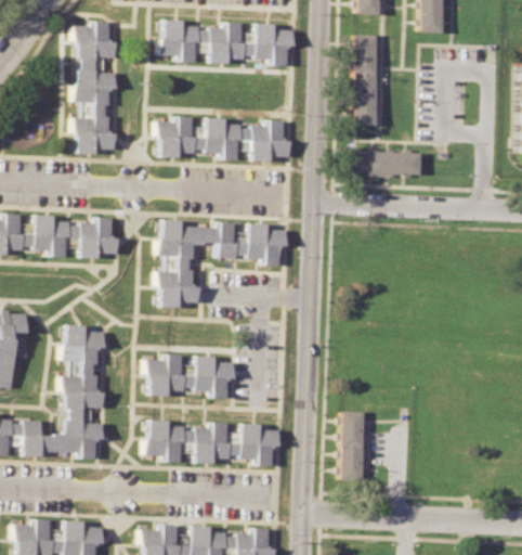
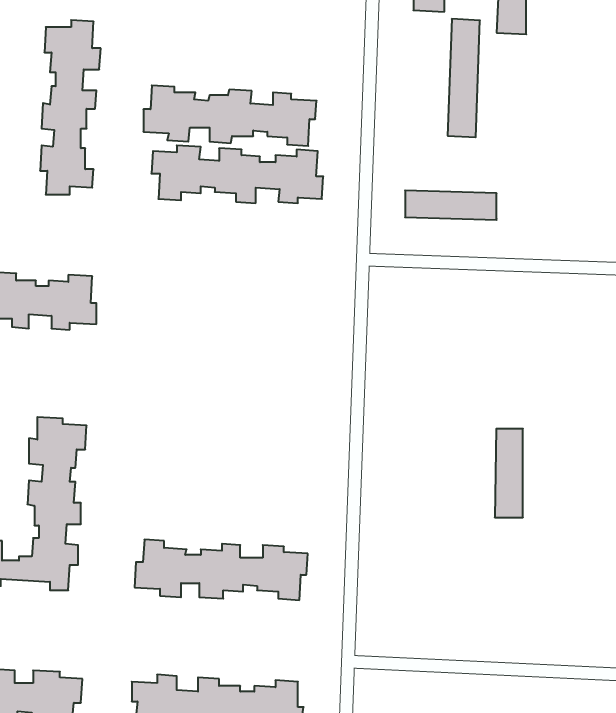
building: [160,20,293,66] -> [143,85,317,146]
building: [354,34,379,125] -> [448,19,480,137]
building: [157,220,287,307] -> none
building: [146,354,233,399] -> none
building: [342,411,364,479] -> [495,429,523,517]

